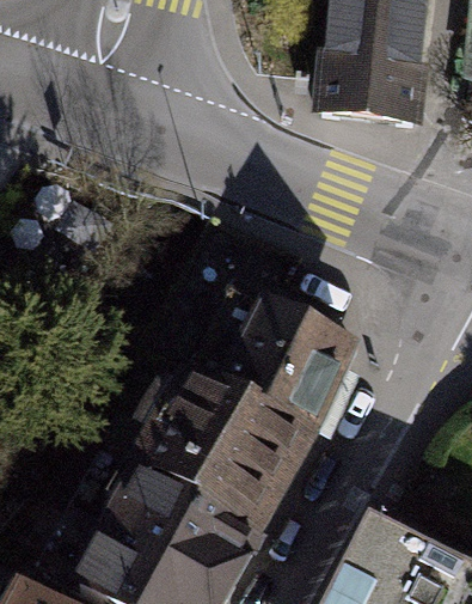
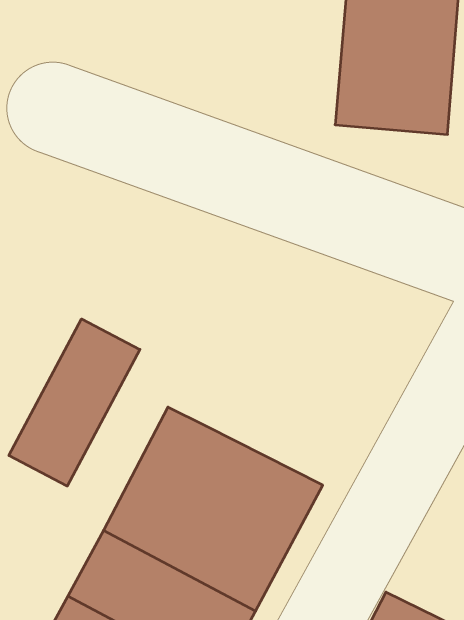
building: none -> [9,319,140,486]
building: [213,299,357,433] -> none

